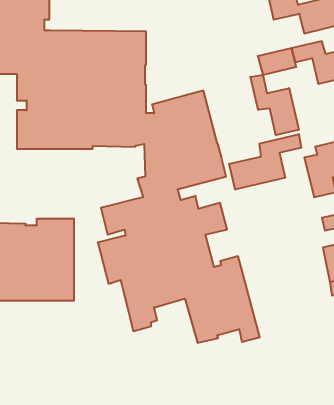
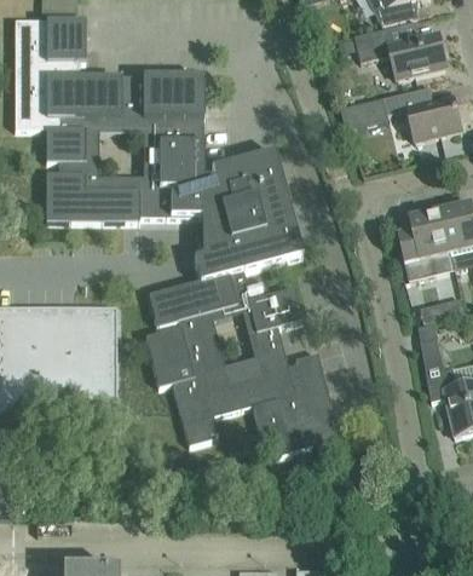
building: [250,75,299,135] -> none
building: [229,134,301,190] -> none

